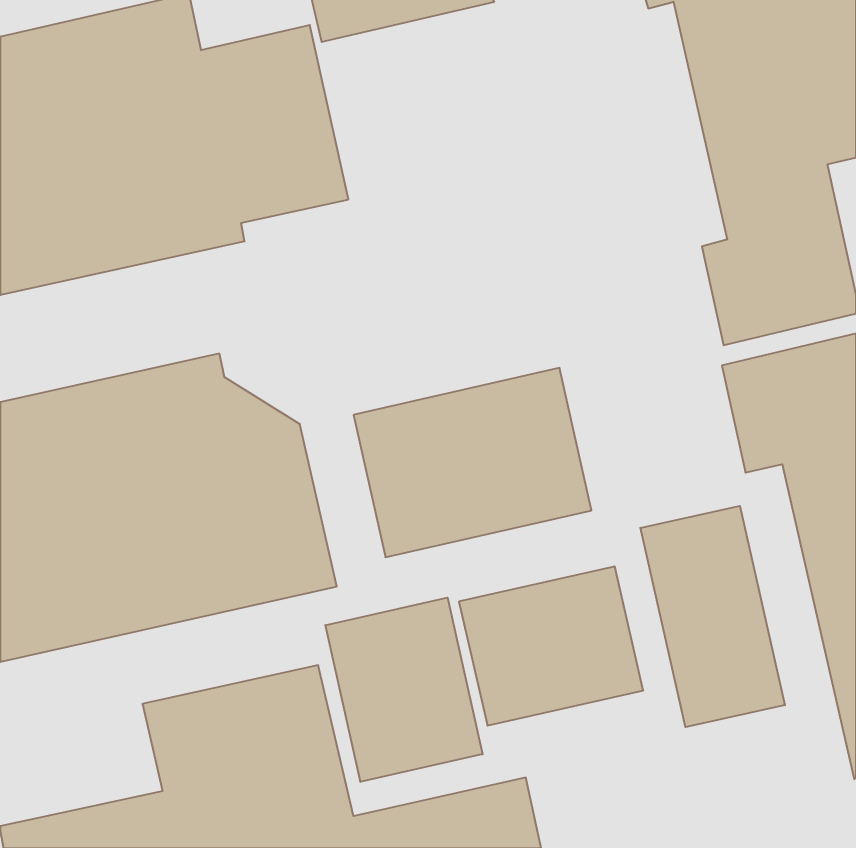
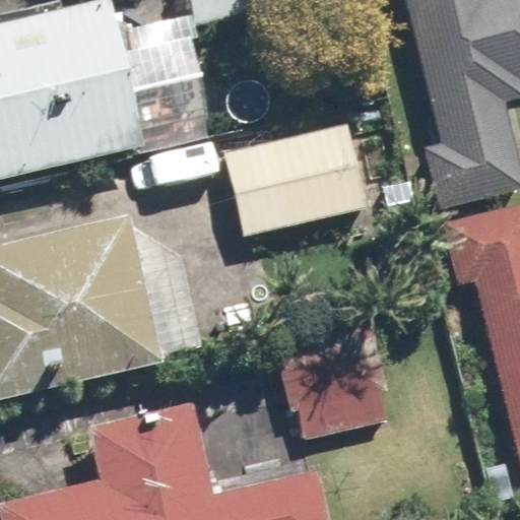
building: [354,368,591,557] -> [223,122,368,237]
building: [640,506,785,727] -> none
building: [325,598,483,782] -> none

